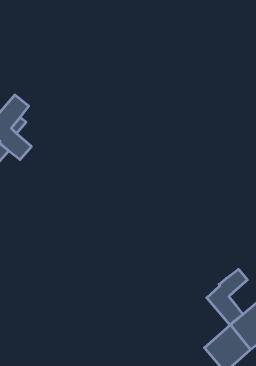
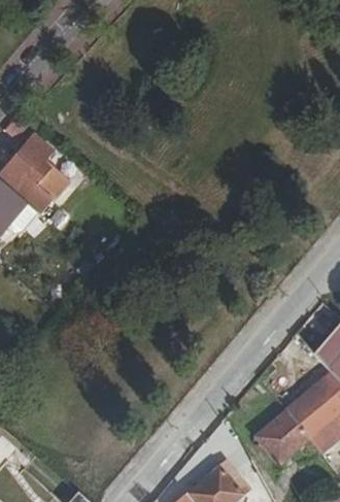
building: [207,269,247,325] -> none

